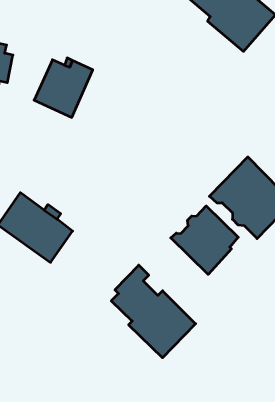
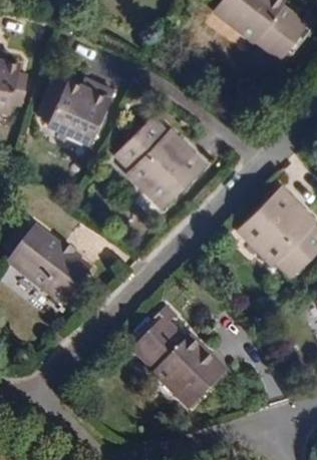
building: none -> [115,120,205,209]
building: [171,206,238,274] -> none

